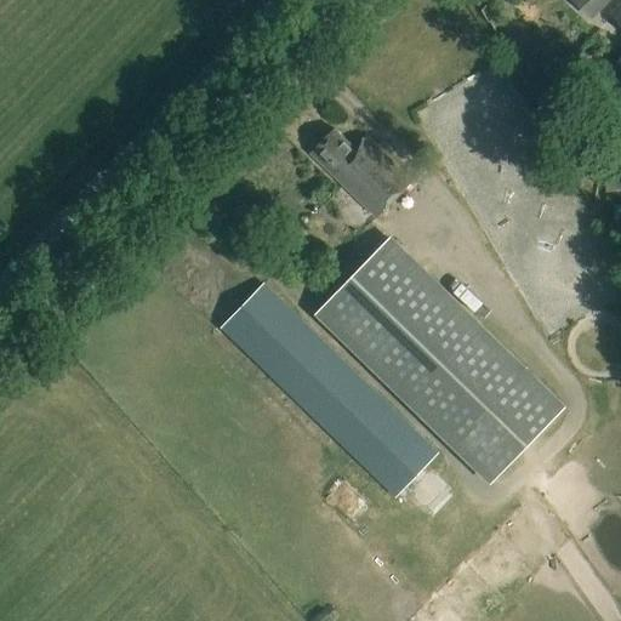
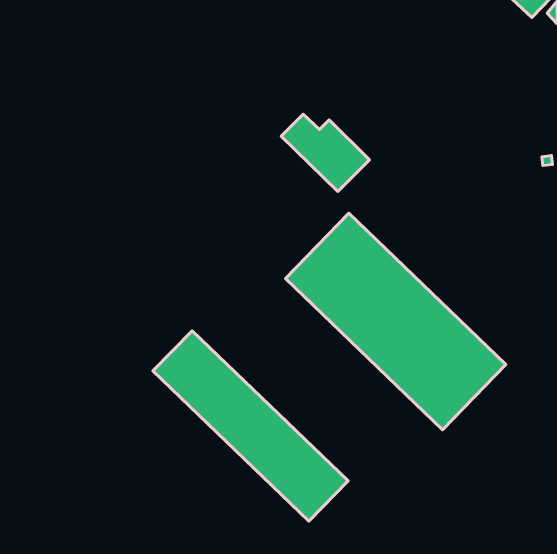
building: [221,283,438,495] -> [153,331,348,521]

